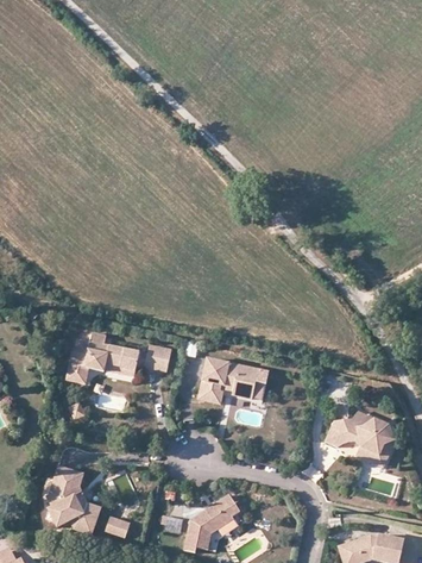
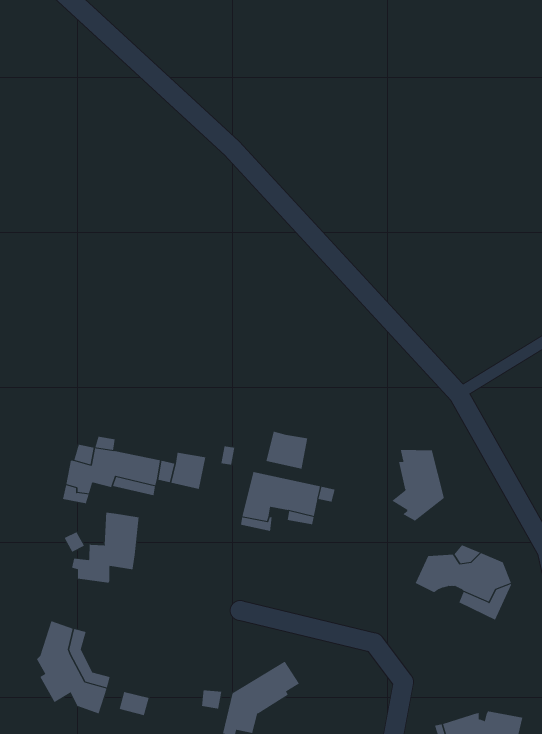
building: none -> [266,431,308,469]
building: none -> [391,449,445,521]
building: none -> [71,512,139,584]

